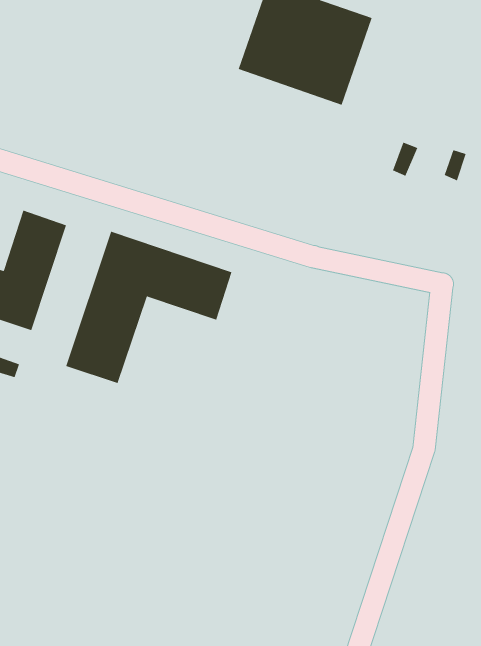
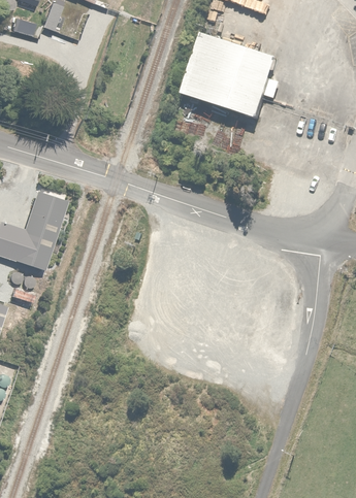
building: [66,231,232,384] -> none

